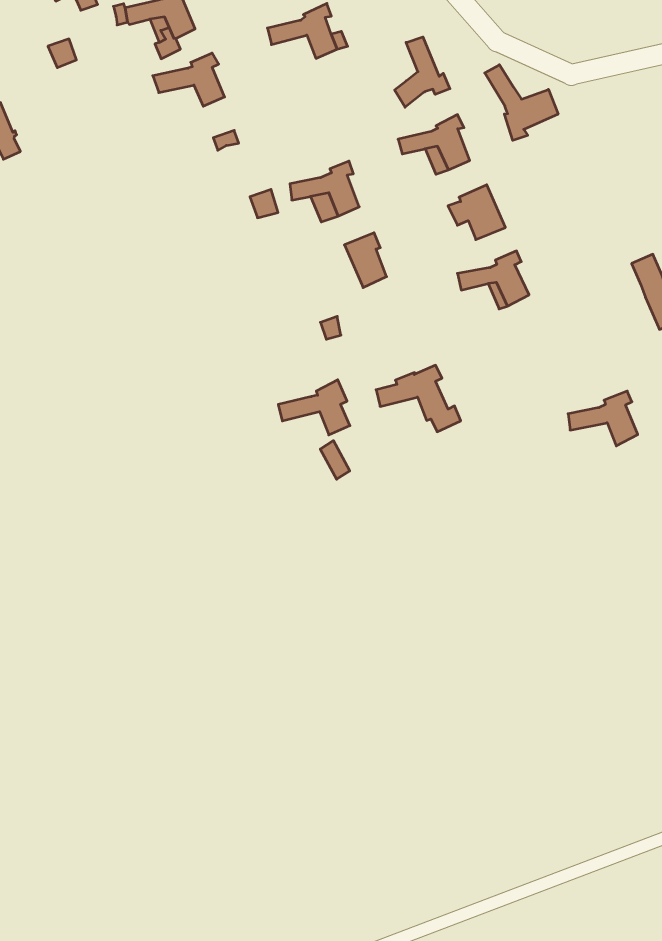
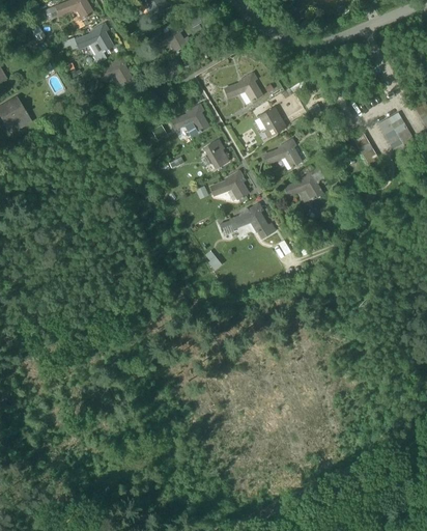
building: [395,37,450,107] -> none
building: [485,65,558,140] -> none
building: [278,380,350,435] -> [209,170,248,199]
building: [568,391,638,446] -> [285,171,322,200]

